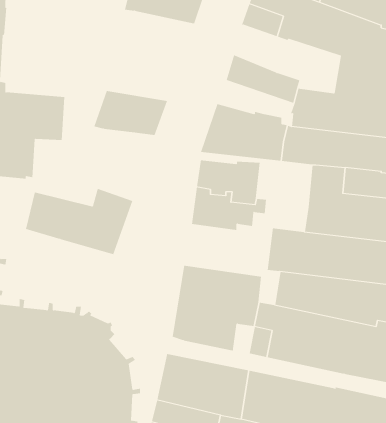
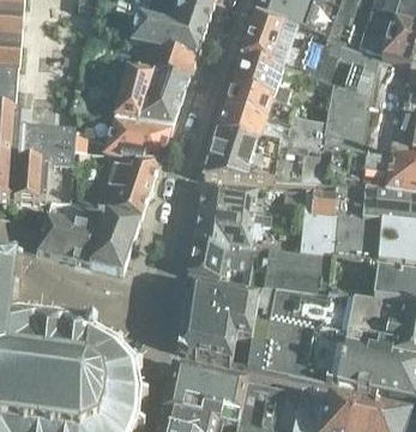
building: none -> [114,42,195,126]
building: none -> [233,55,283,100]
building: none -> [217,107,289,138]
building: none -> [98,152,159,215]
building: none -> [188,241,255,282]

